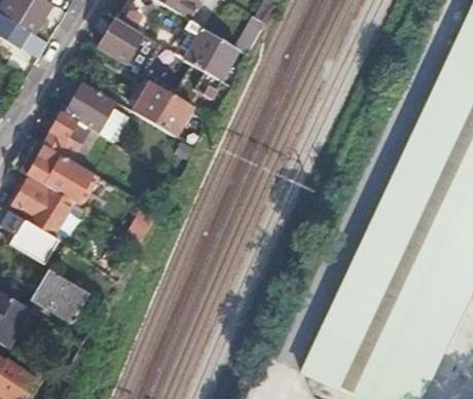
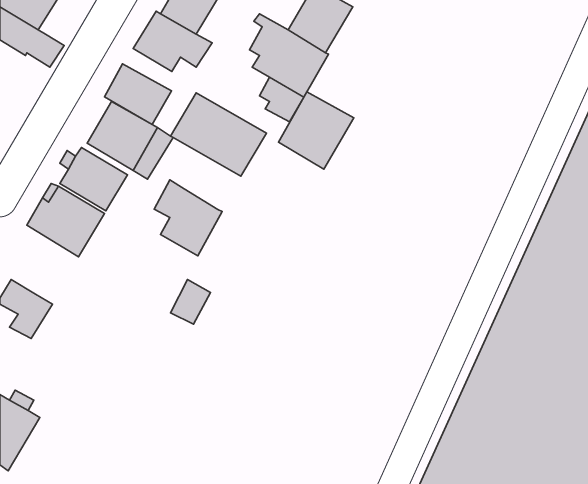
building: none -> [104,64,171,124]
building: none -> [278,92,354,169]
building: none -> [154,180,222,256]
building: [15,181,73,237] -> none
building: [37,273,93,323] -> none

